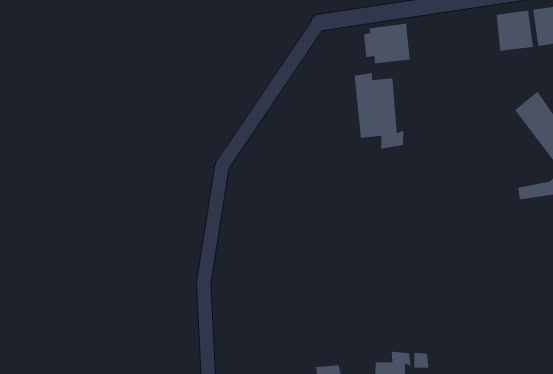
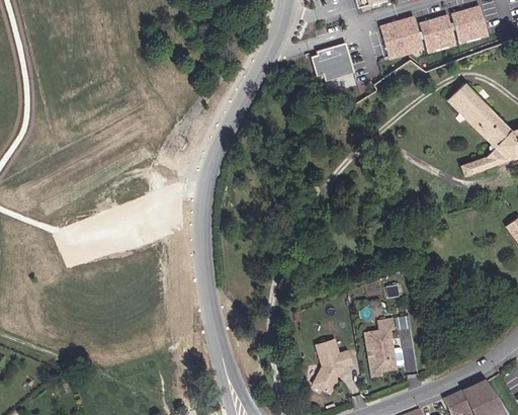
building: none -> [379,16,424,60]
building: [354,72,404,150] -> none

